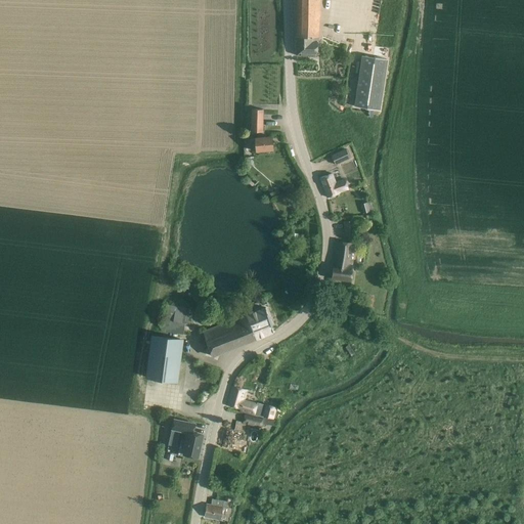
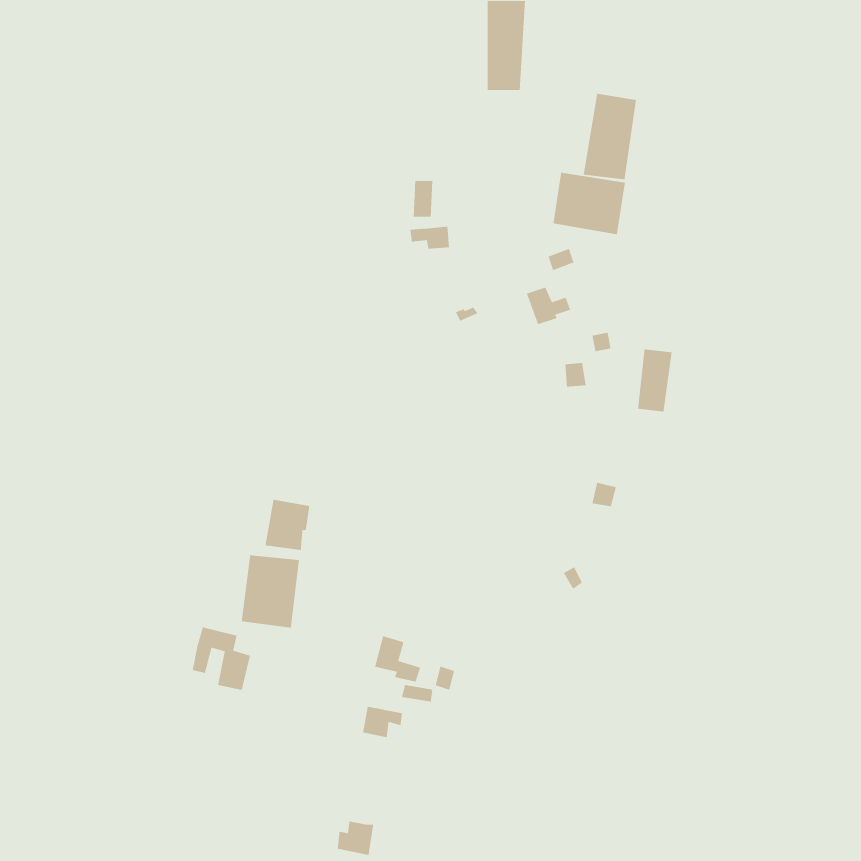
building: none -> [552,172,626,235]
building: [332,242,353,280] -> [637,348,672,412]
building: [203,307,273,356] -> none
building: [168,419,204,457] -> [192,627,251,691]

